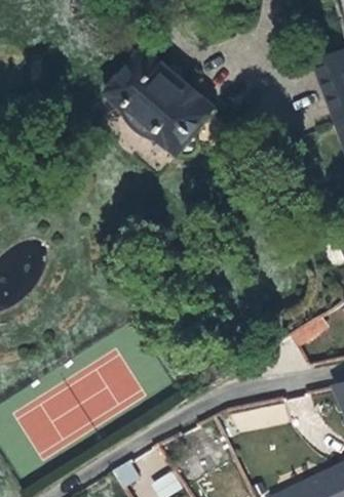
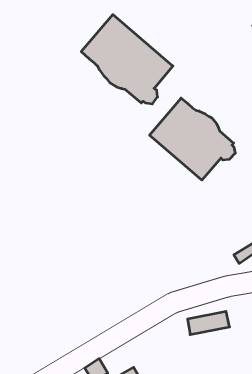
building: none -> [150,98,235,180]

